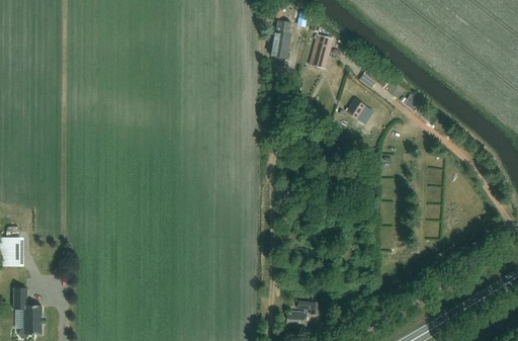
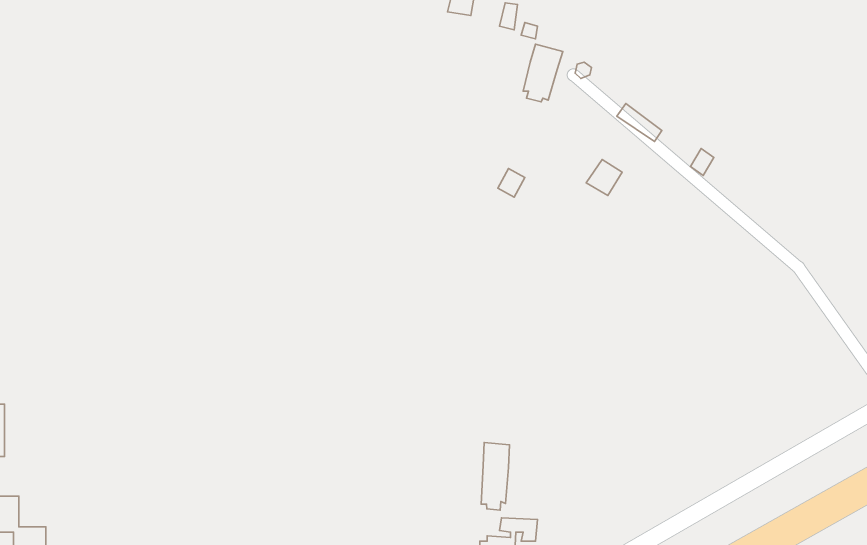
building: [270,20,291,57] -> none
building: none -> [481,443,510,510]

